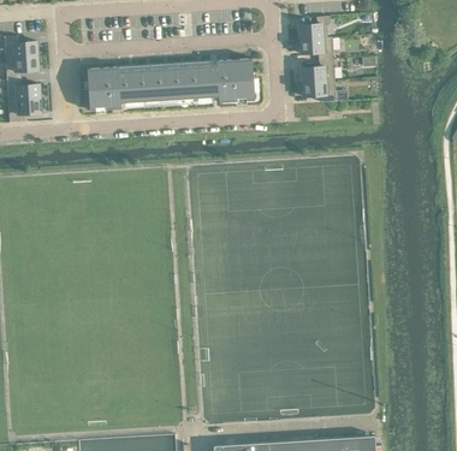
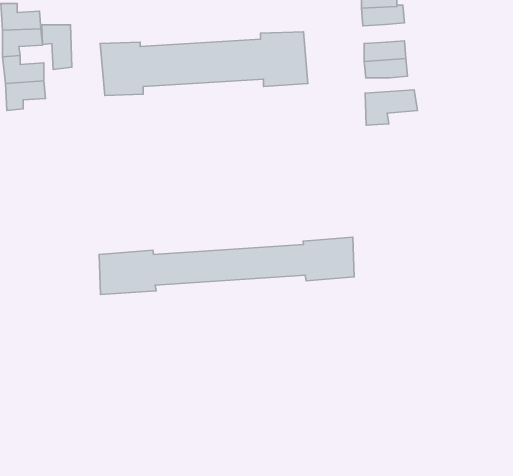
building: none -> [42,25,72,70]
building: none -> [365,90,418,125]
building: none -> [99,237,354,294]

